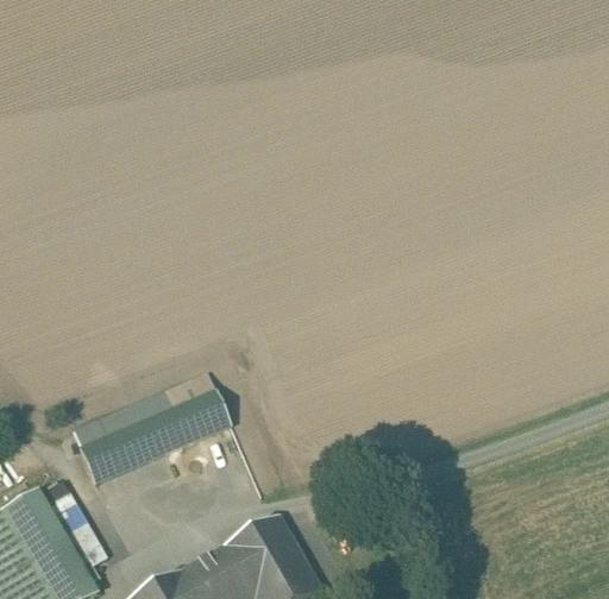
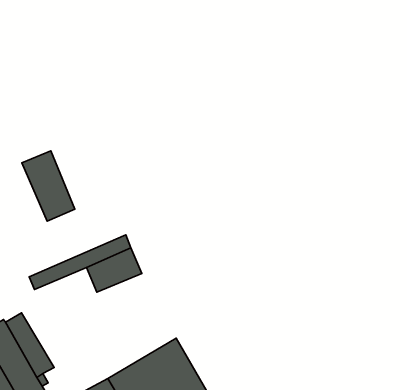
building: none -> [22,151,75,221]
building: [74,423,161,488] -> none

